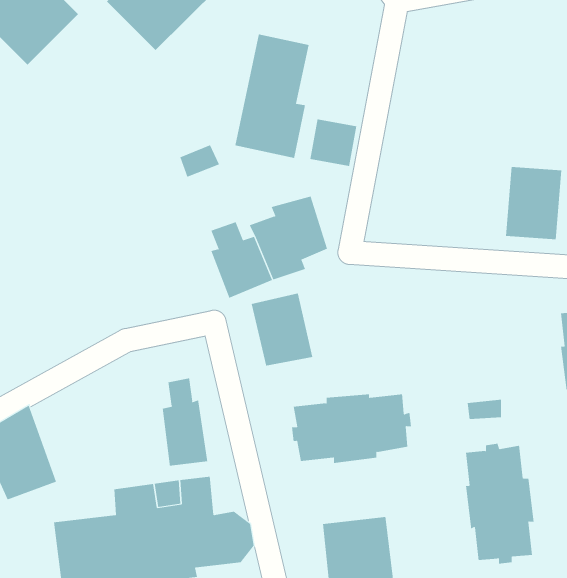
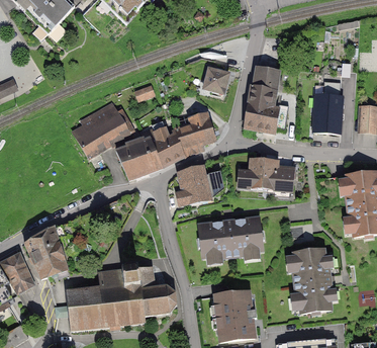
building: [235,34,310,158] -> [245,68,286,137]
building: none -> [75,104,134,156]
building: none -> [115,133,162,179]
building: none -> [238,158,291,189]
building: [162,377,208,467] -> none

